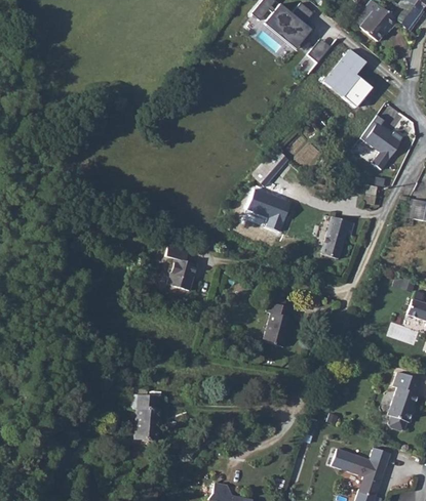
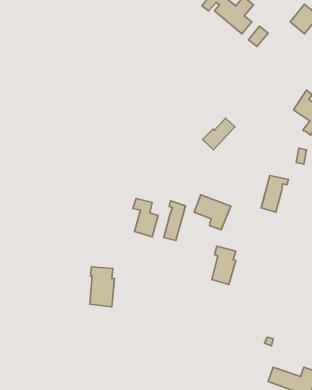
building: [323,49,372,108] -> none
building: [246,187,291,229] -> [194,195,231,230]
building: none -> [164,201,186,240]
building: [133,393,163,442] -> [90,267,114,307]

